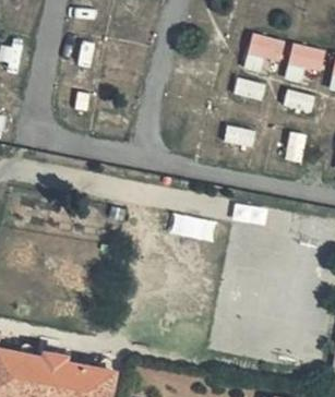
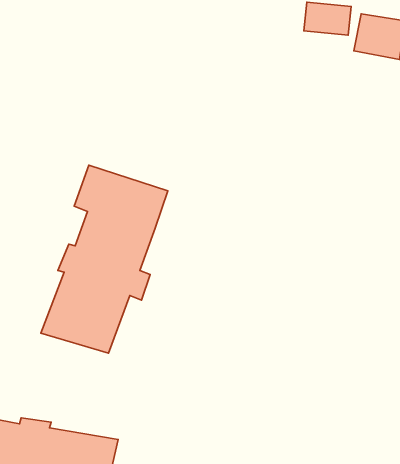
building: none -> [41,165,168,353]

